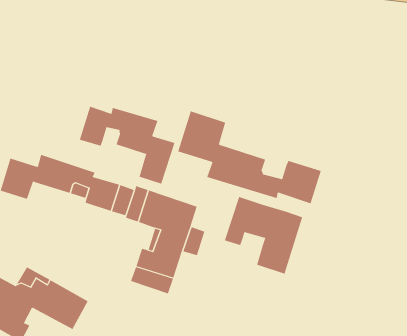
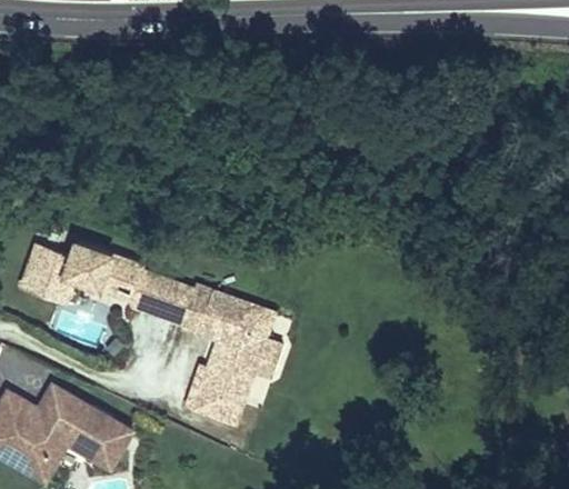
building: [79,106,175,184] -> none
building: [177,111,322,204] -> none
building: [224,196,303,274] -> none

